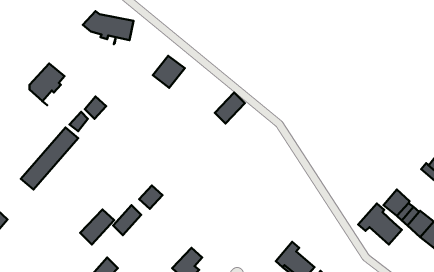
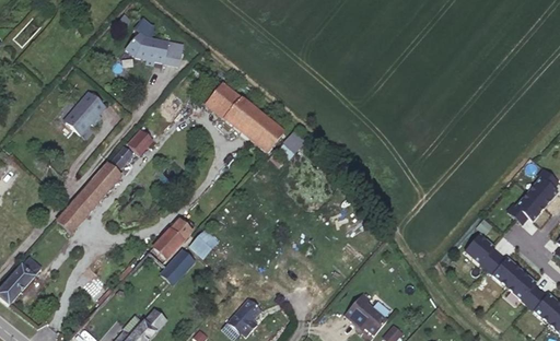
building: none -> [223,97,283,153]
building: [358,203,402,245] -> none
building: [80,210,114,244] -> [152,221,190,260]

